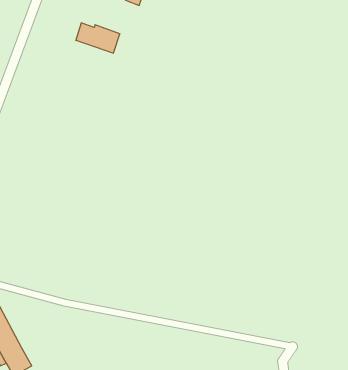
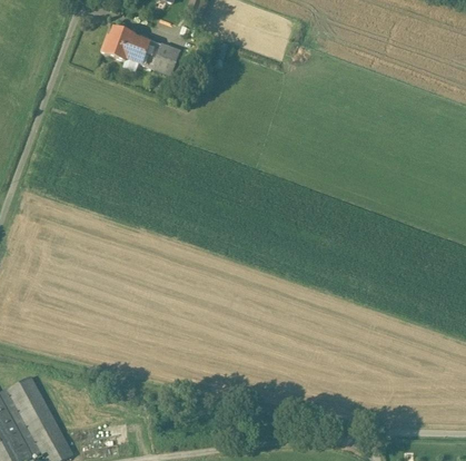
building: none -> [101,28,133,60]

